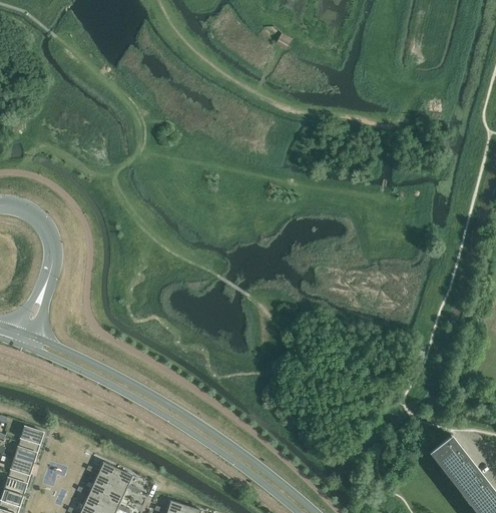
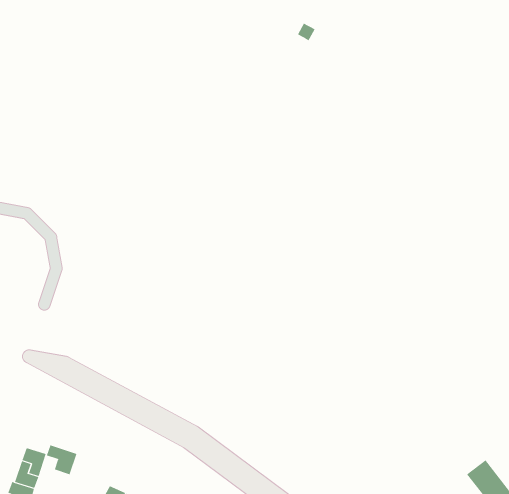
building: none -> [46,444,77,475]

